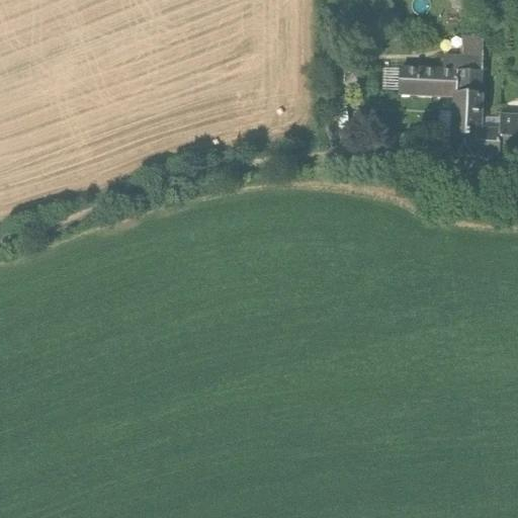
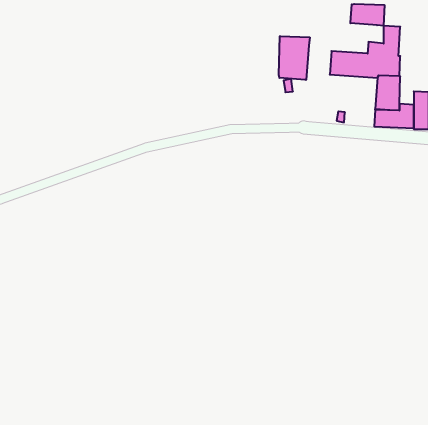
building: none -> [350,4,384,26]
building: none -> [279,36,310,80]

